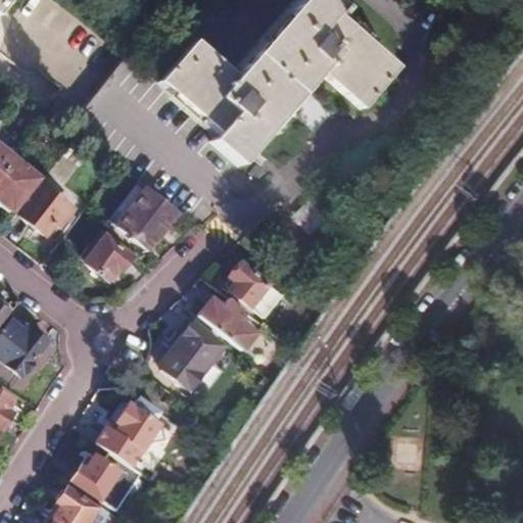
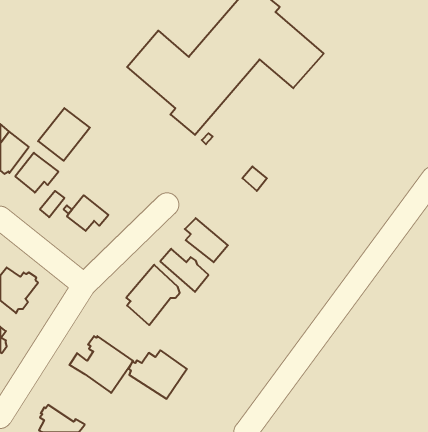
building: [120,187,182,250] -> [38,108,90,161]
building: [69,450,140,509] -> [128,350,187,399]

